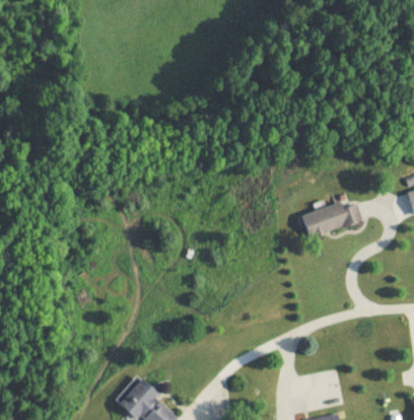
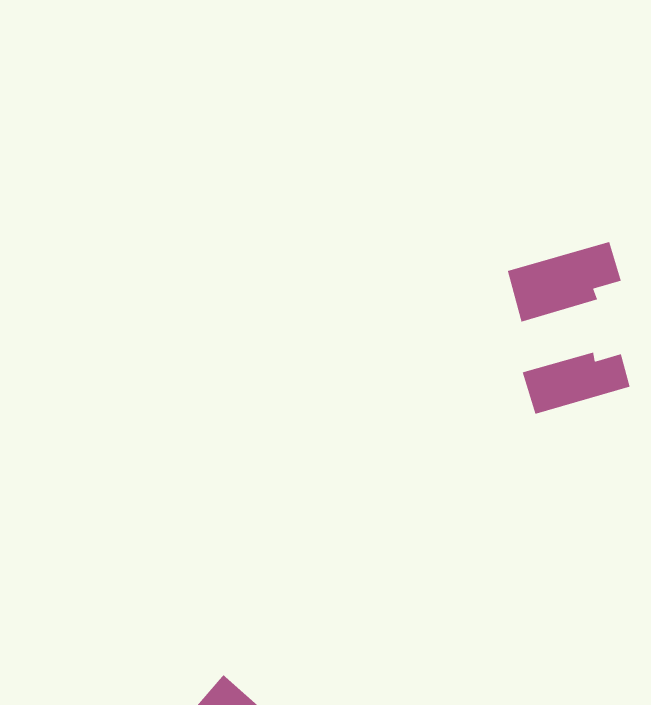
building: none -> [507,241,621,322]

